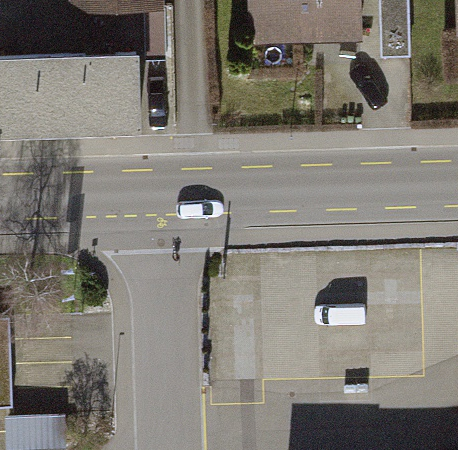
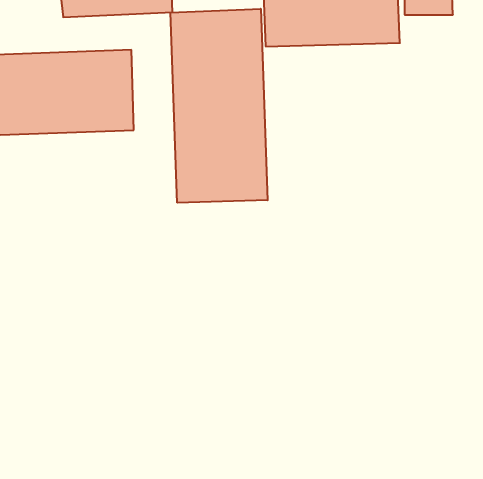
building: none -> [170,9,268,203]

